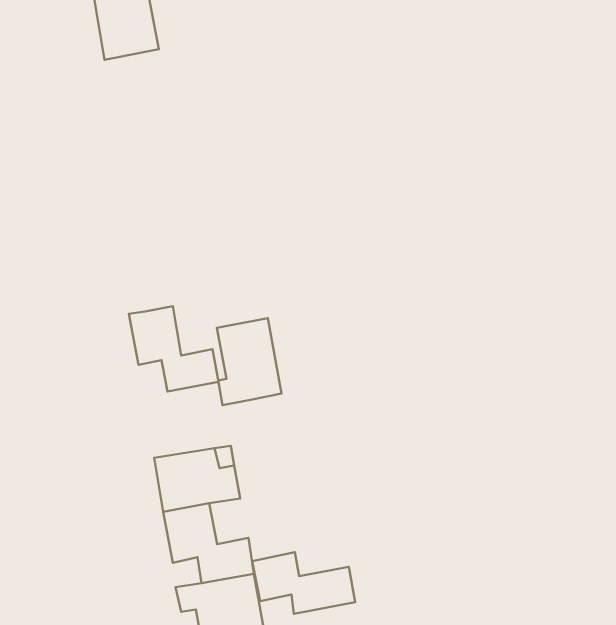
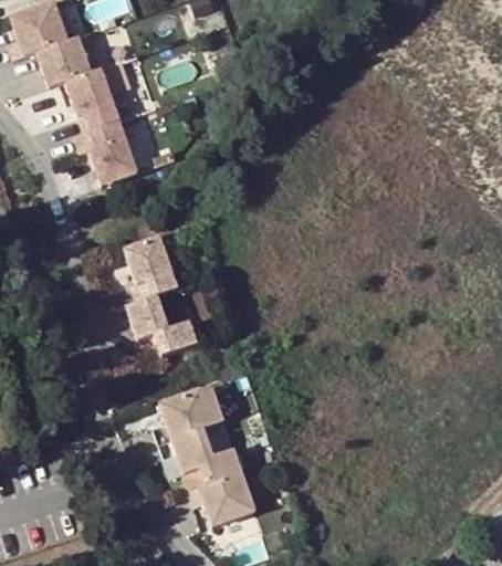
building: none -> [74,117,137,182]
building: [217,318,282,405] -> [126,235,178,301]
building: [252,552,355,614] -> none

